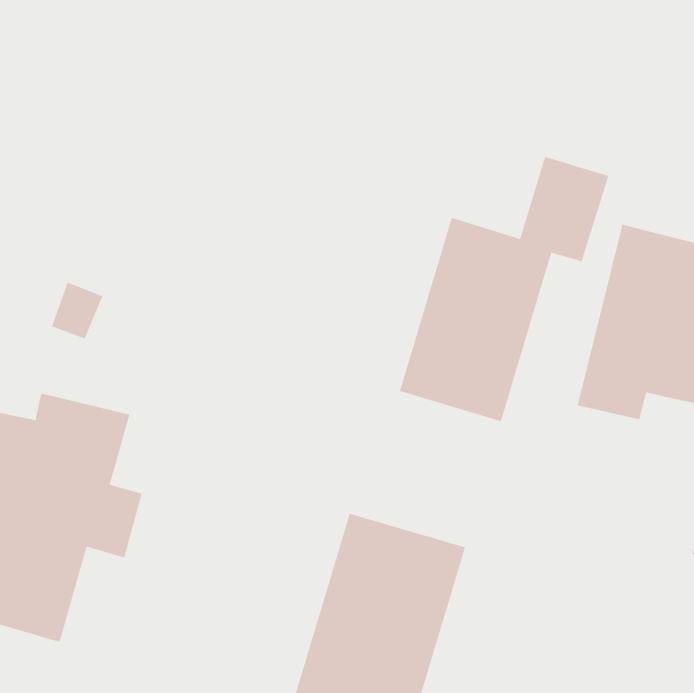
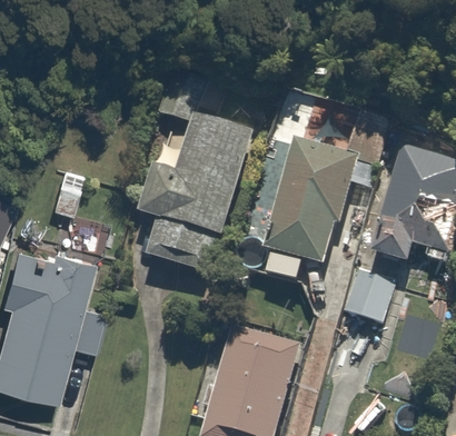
building: none -> [139,110,254,279]
building: none -> [334,259,396,320]

